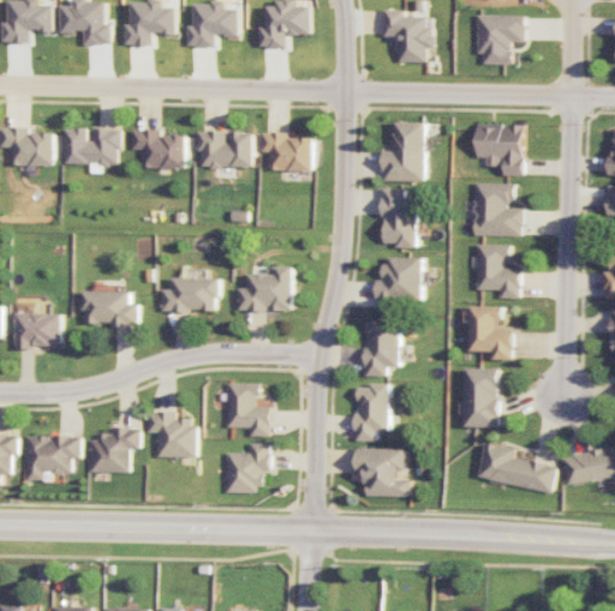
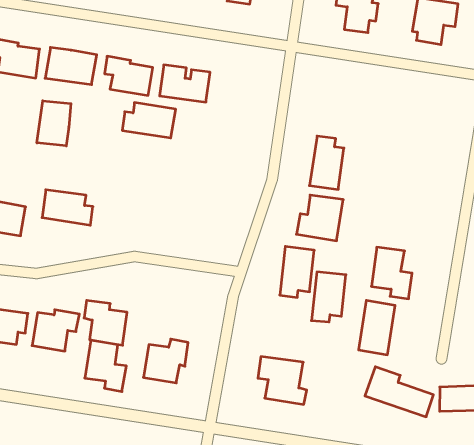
building: [382,121,425,181] -> none
building: [474,124,523,176] -> none
building: [259,132,310,170] -> none
building: [471,182,521,236] -> none
building: none -> [37,101,71,146]
building: [476,245,520,298] -> none
building: [238,266,292,311] -> none
building: [161,277,219,312] -> [122,103,176,138]
building: [223,383,269,437] -> [85,340,126,392]
building: [354,384,389,442] -> [311,272,346,322]

